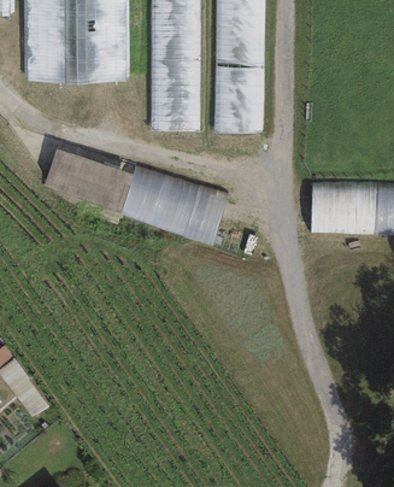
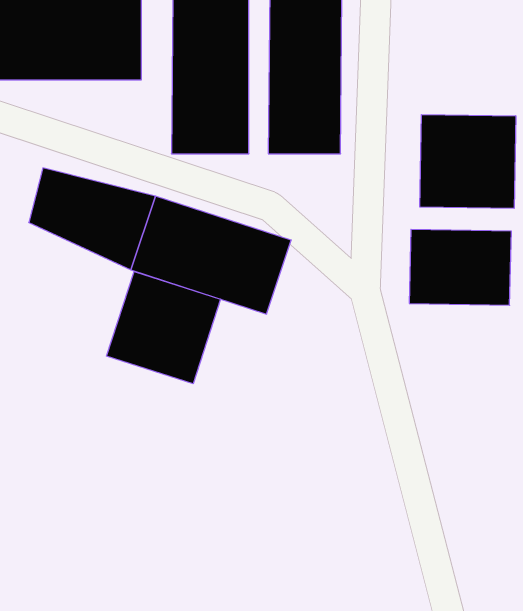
building: none -> [420,115,516,208]
building: none -> [107,271,221,384]

